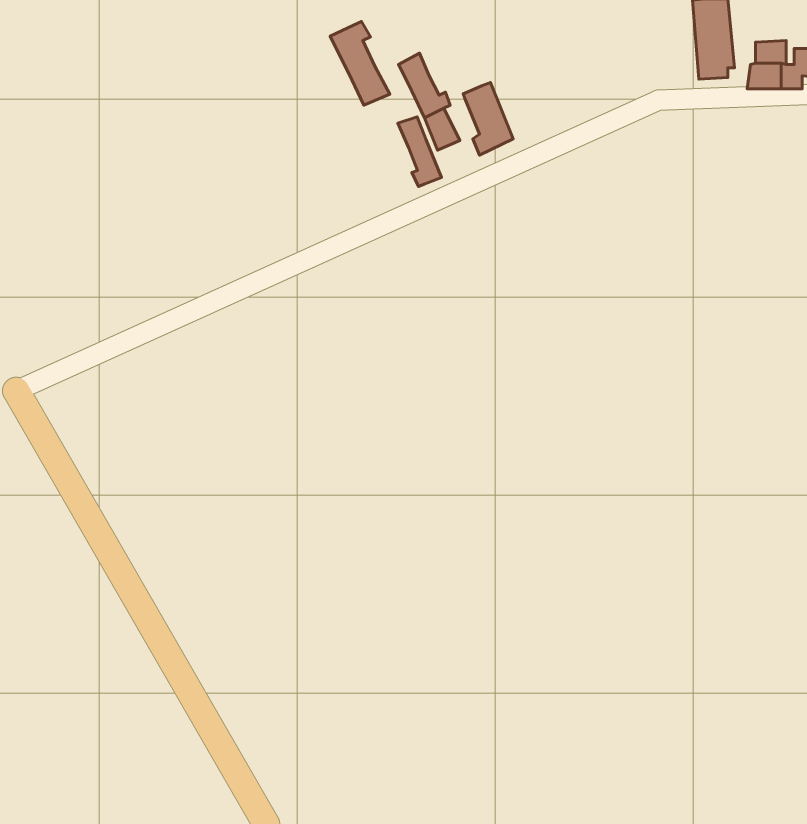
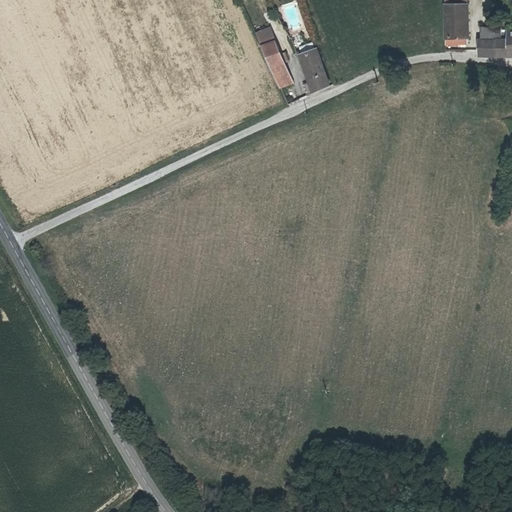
building: [330,22,390,105] -> none
building: [398,117,441,186] -> none

